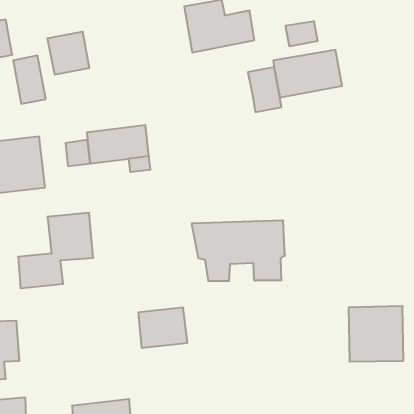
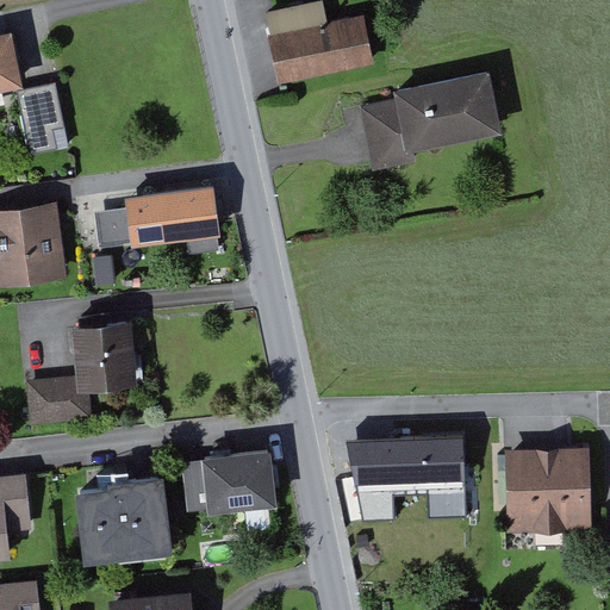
building: [286,21,318,46] -> none
building: [47,32,89,75] -> none
building: [192,220,285,281] -> [336,434,472,522]
building: none -> [76,479,167,556]

